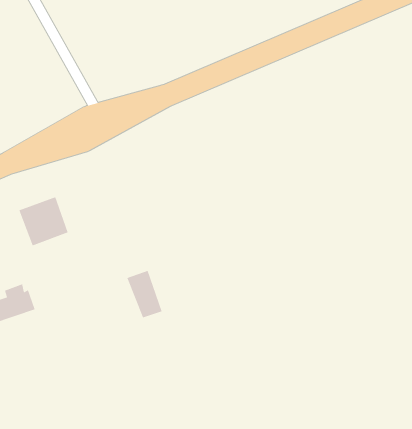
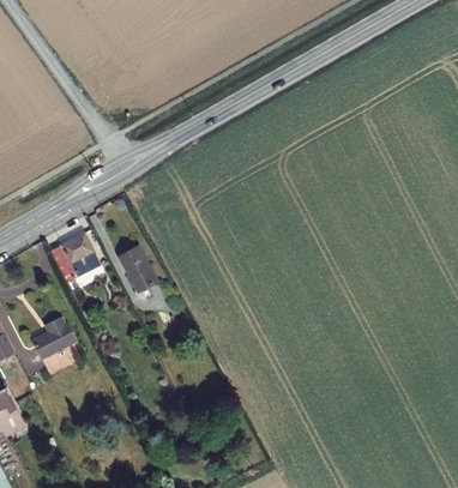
building: [127,270,162,318] -> [123,252,161,297]

